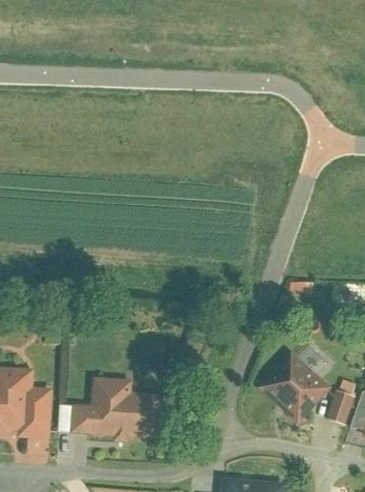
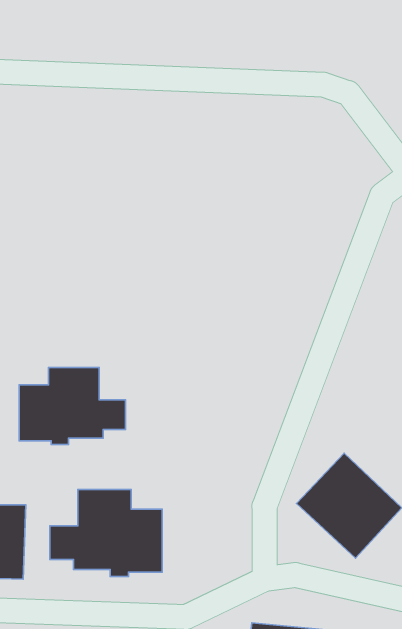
building: none -> [19,368,126,444]

